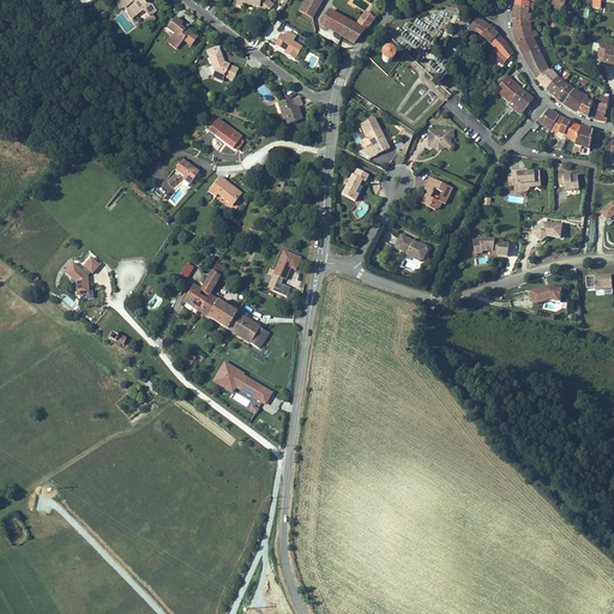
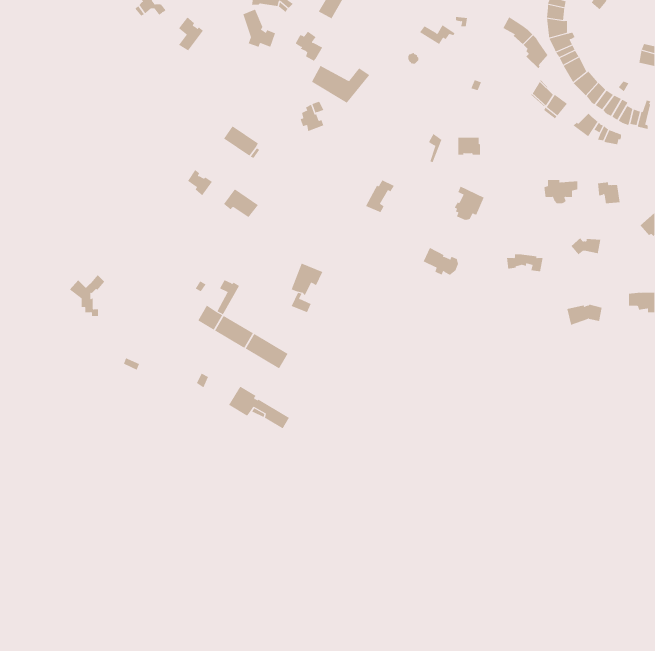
building: [319,8,374,44] -> [311,65,370,104]
building: [206,43,237,79] -> [243,9,276,47]
building: [360,116,389,156] -> none

